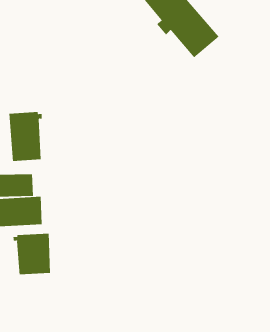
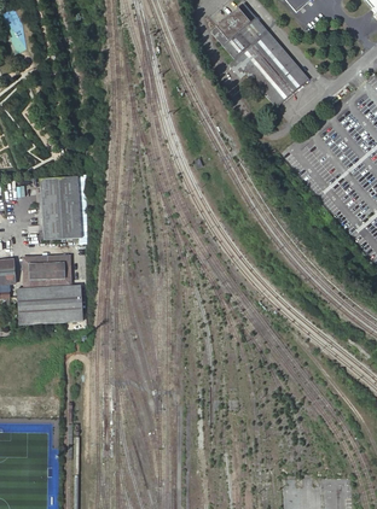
building: [13,233,51,275] -> none

